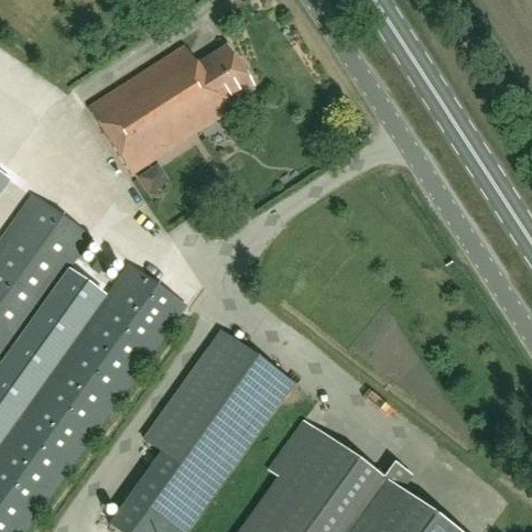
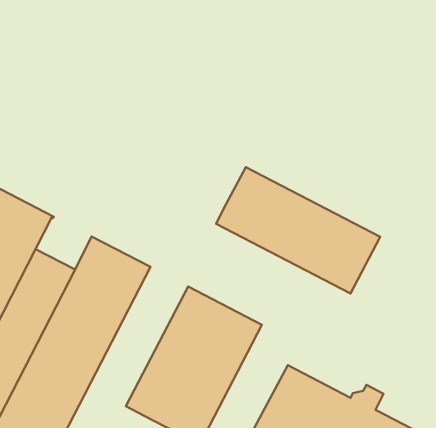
building: [87,44,251,173] -> none
building: none -> [216,167,380,294]

